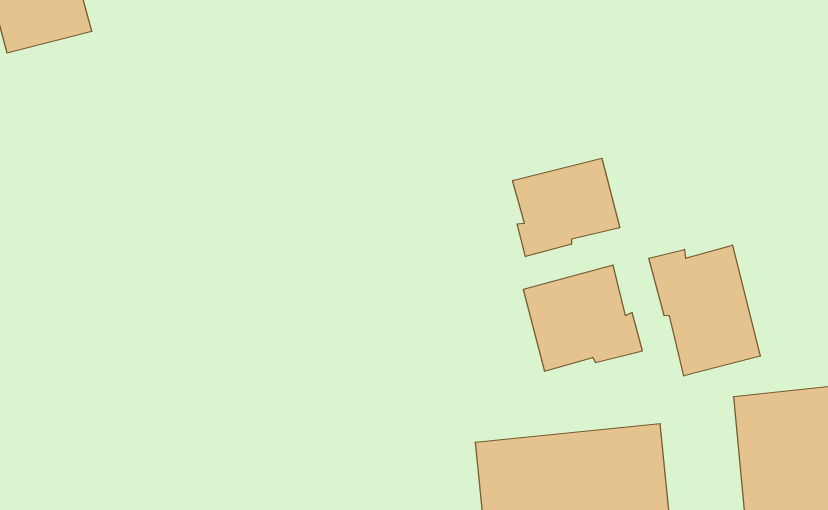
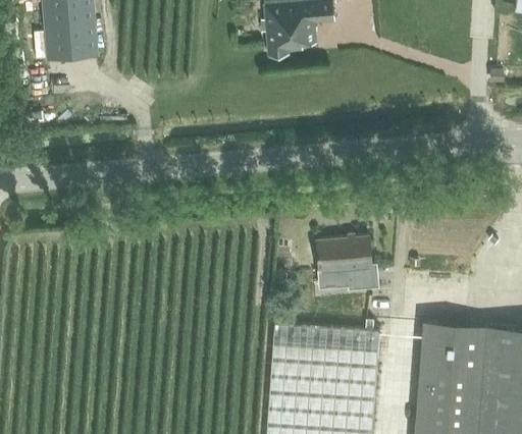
building: [513,158,620,257] -> none
building: [649,245,760,376] -> none

